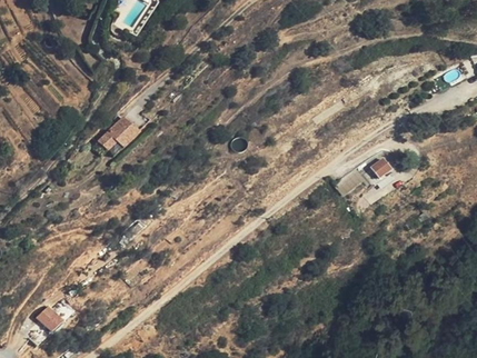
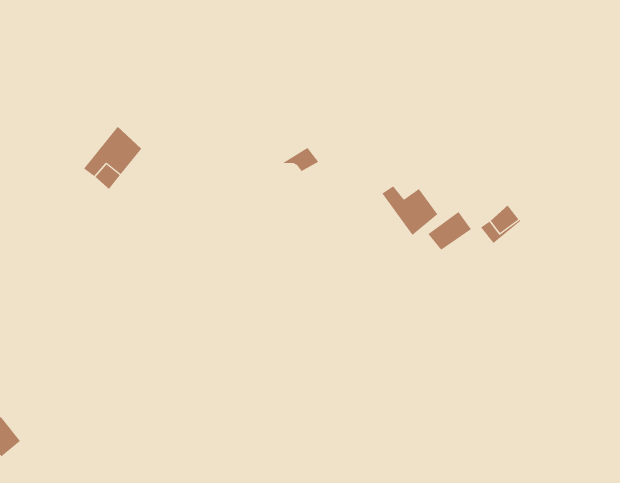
building: none -> [382,186,438,236]

